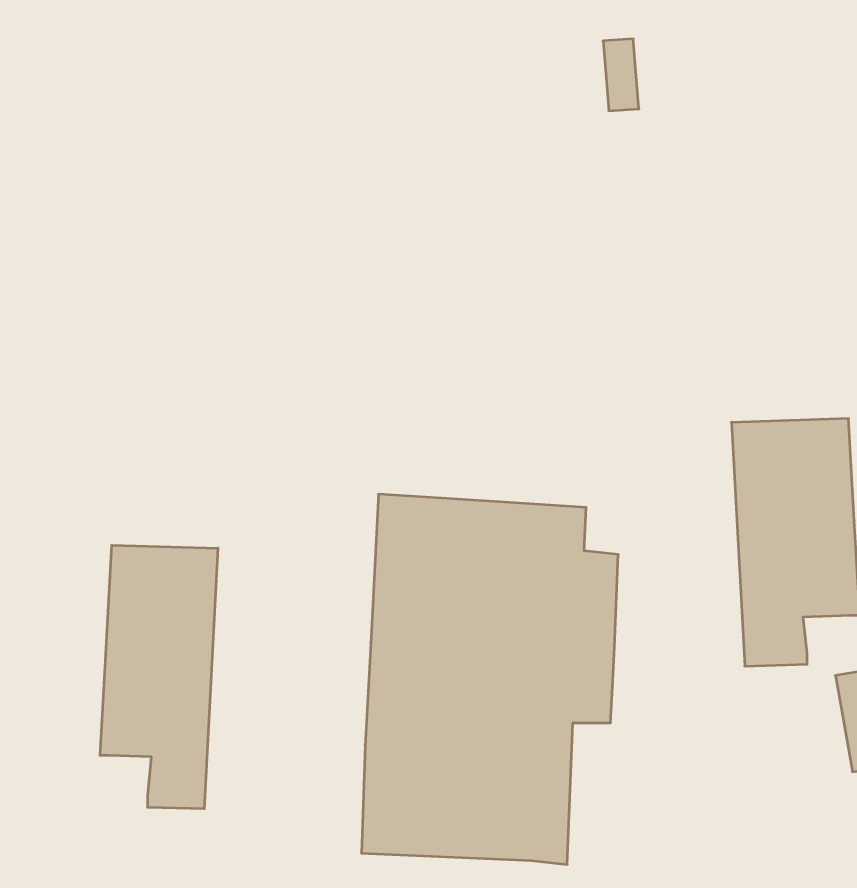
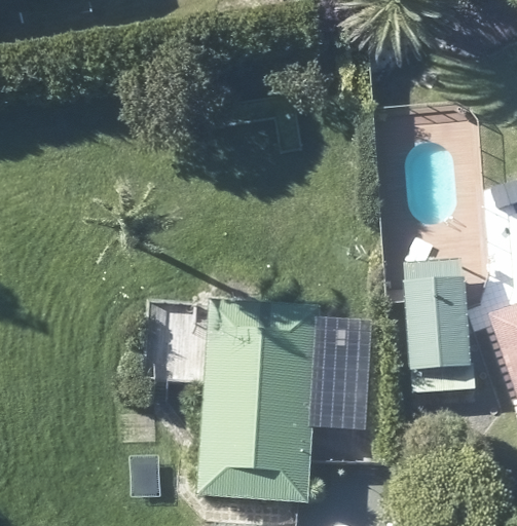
building: [100,545,218,809] -> none

